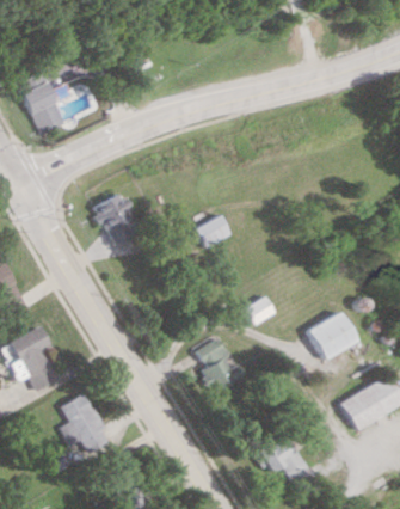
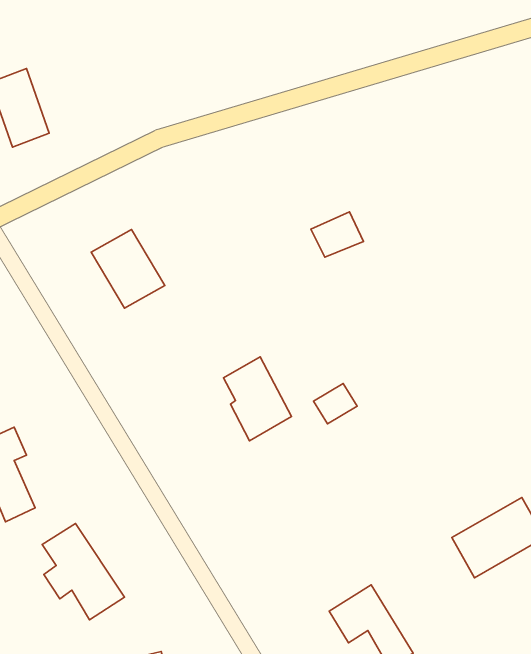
building: [197,215,233,246] -> [311,212,364,257]
building: [309,312,356,358] -> none
building: [196,336,242,393] -> [223,357,292,441]

